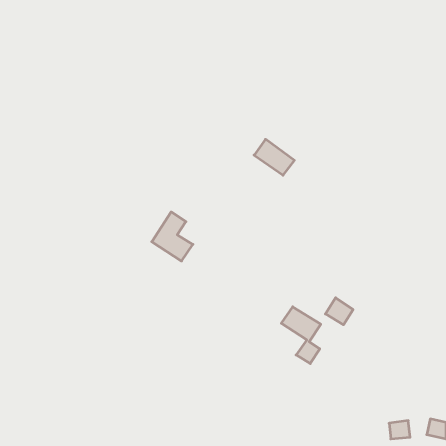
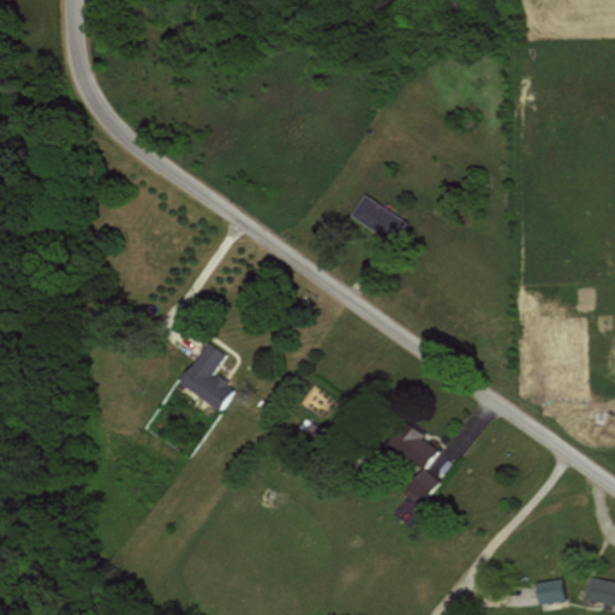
building: [152,212,193,261] -> [179,342,235,410]
building: [325,298,353,325] -> none

